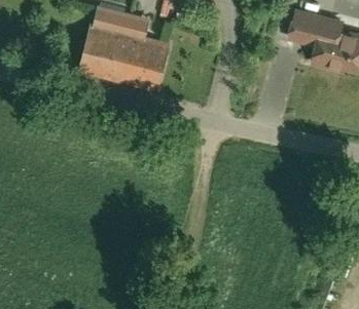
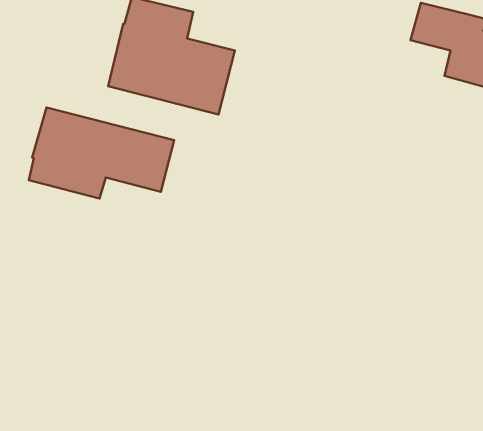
building: none -> [29,107,174,199]

